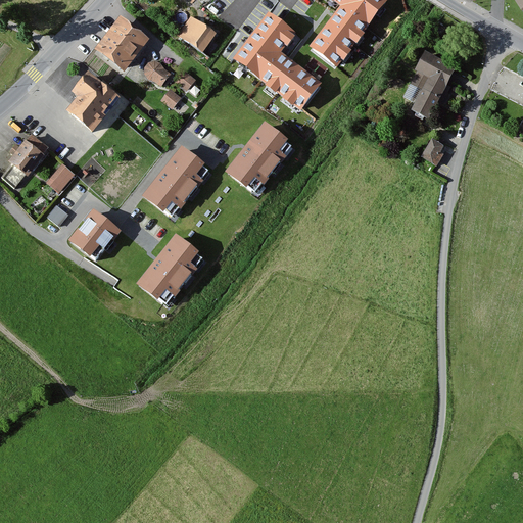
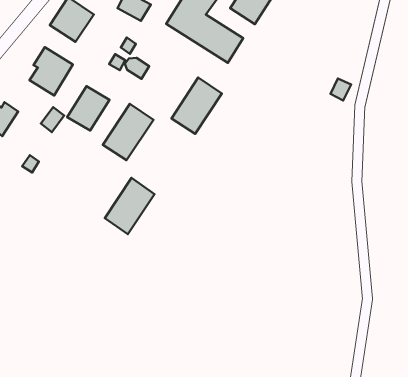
building: [402,50,459,121] -> none
building: [143,60,172,86] -> [125,58,149,79]
building: none -> [67,86,109,131]
building: [46,161,75,191] -> [41,107,64,132]
building: [73,210,118,257] -> none

